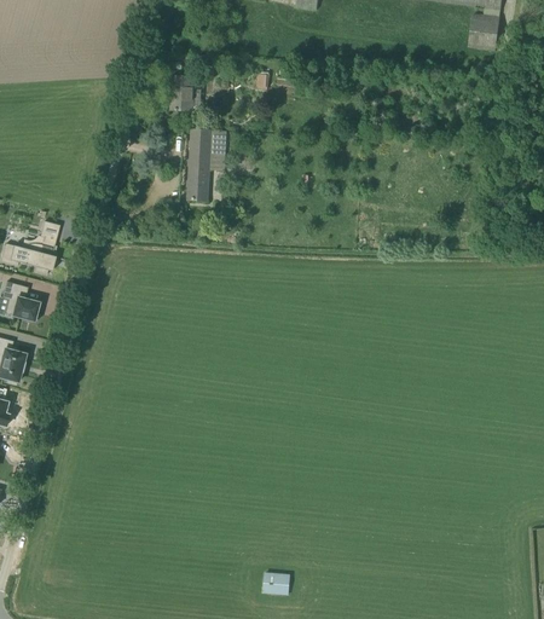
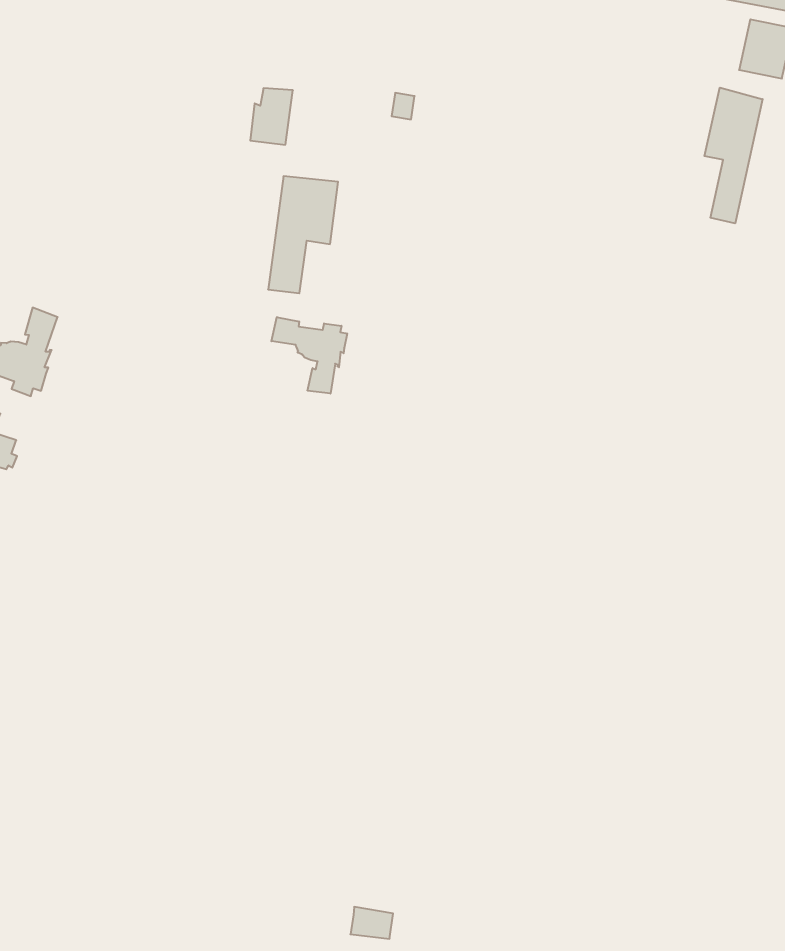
building: none -> [704,88,763,223]
building: none -> [271,317,347,394]

